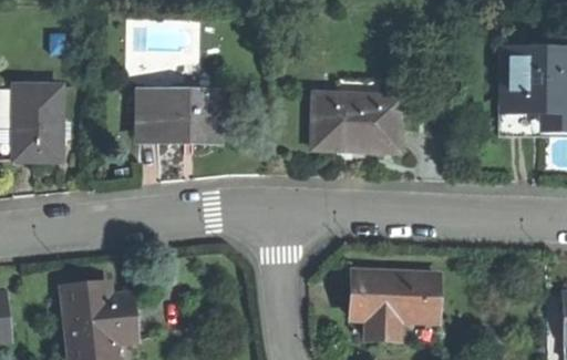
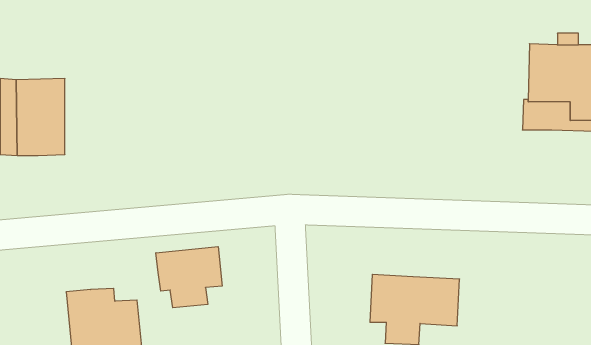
building: [142,89,221,138] -> none
building: [316,92,401,147] -> none
building: none -> [156,247,222,308]

